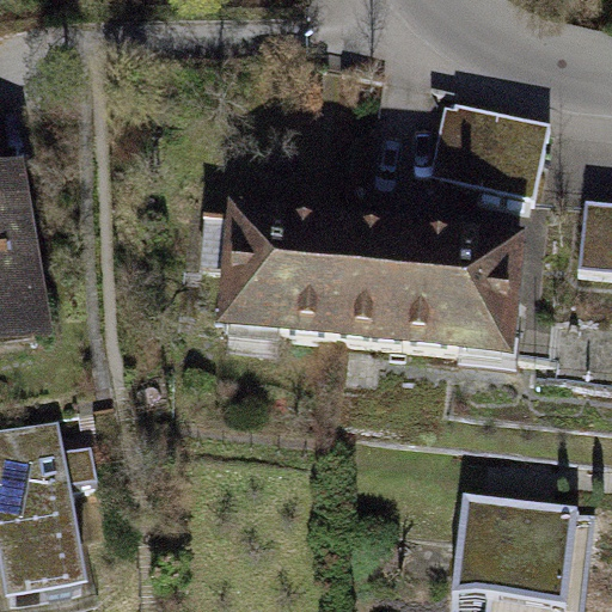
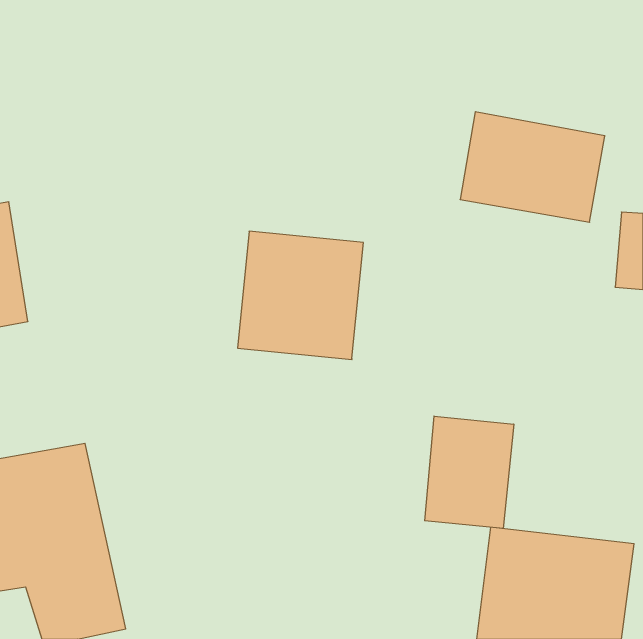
building: [331,228,510,354] -> none
building: none -> [425,416,514,528]

